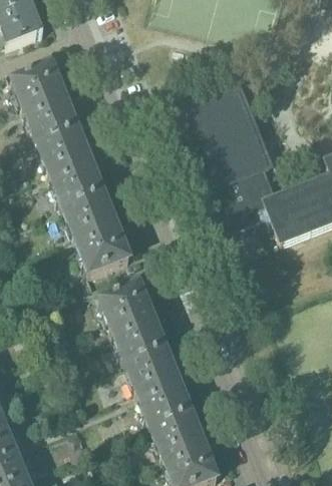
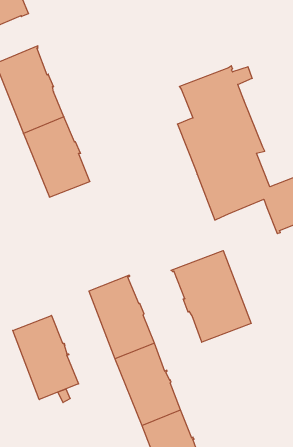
building: [63,190,129,271] -> none
building: none -> [171,251,251,342]
building: none -> [13,315,79,400]

